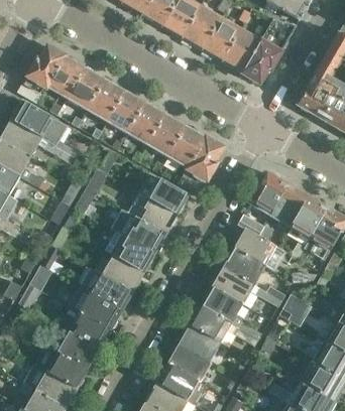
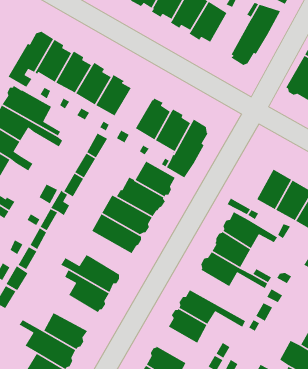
building: [221,27,261,70] -> none
building: [126,100,163,144] -> none
building: [248,173,286,216] -> none
building: [94,254,143,291] -> none
building: [202,287,262,338] -> none
building: [68,312,110,349] -> none
building: [168,345,210,381] -> none

